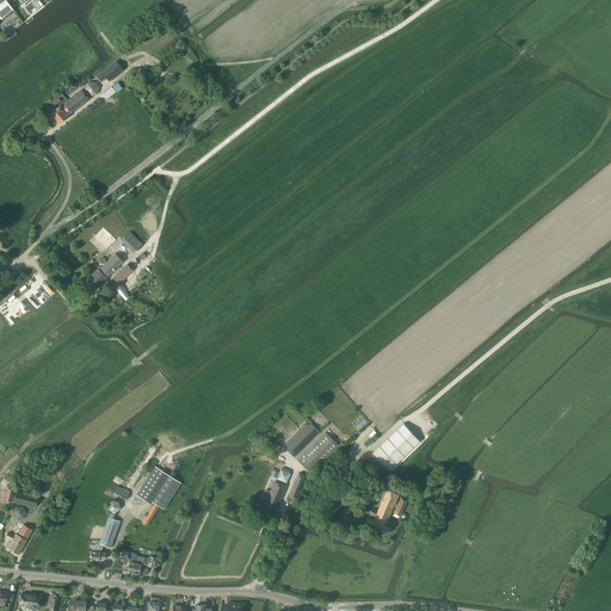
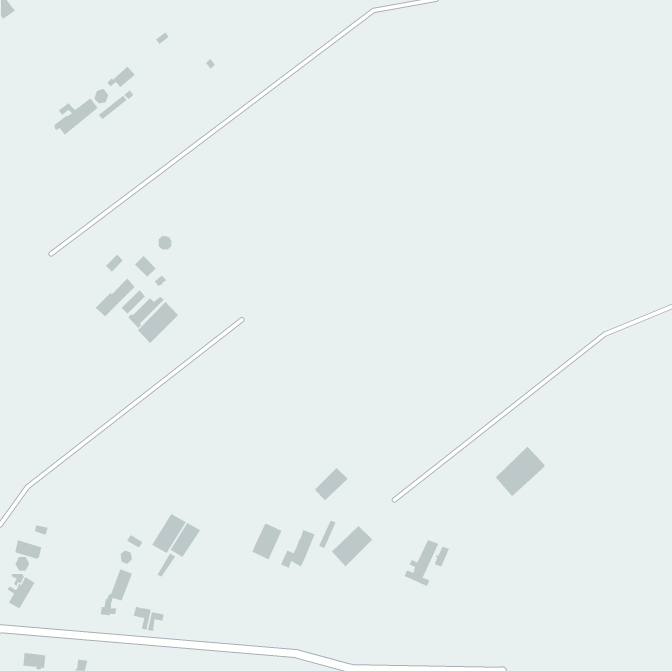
building: none -> [137,301,179,344]
building: [374,422,420,469] -> [495,446,546,497]
building: [300,433,338,471] -> [331,525,373,567]
building: none -> [252,522,282,560]

